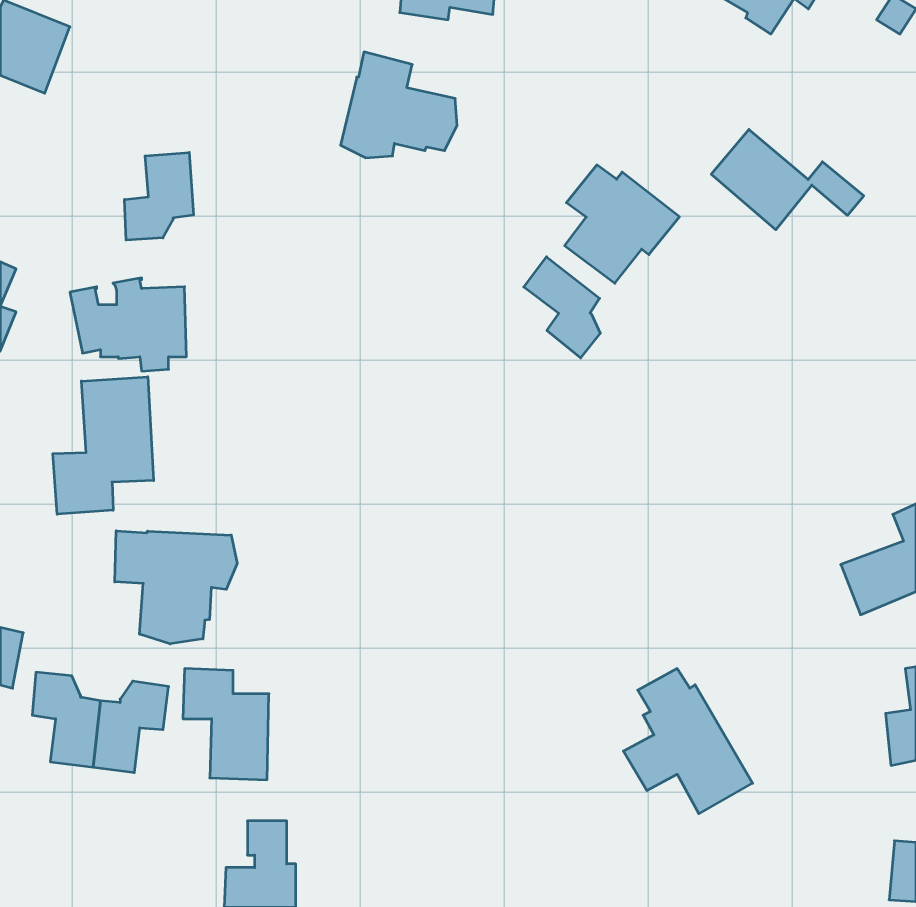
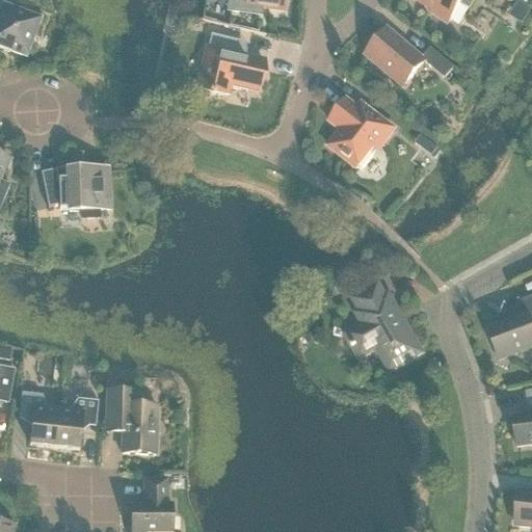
building: [711,129,864,230] -> [366,25,454,83]
building: [125,152,193,240] -> none
building: [524,257,600,358] -> none
building: [53,377,154,514] -> none
building: [115,531,237,644] -> none
building: [623,669,753,814] -> [346,283,421,367]

